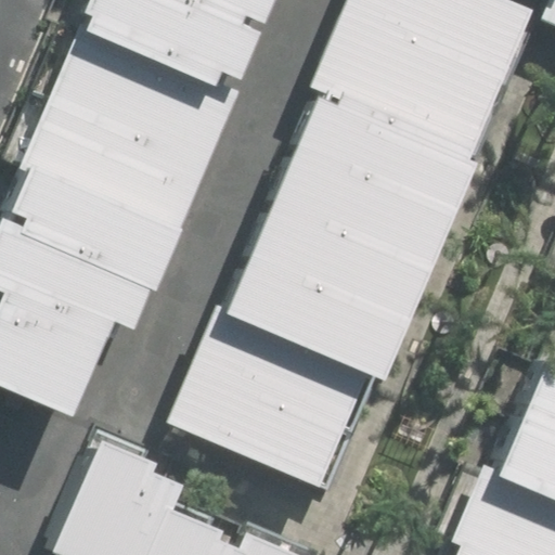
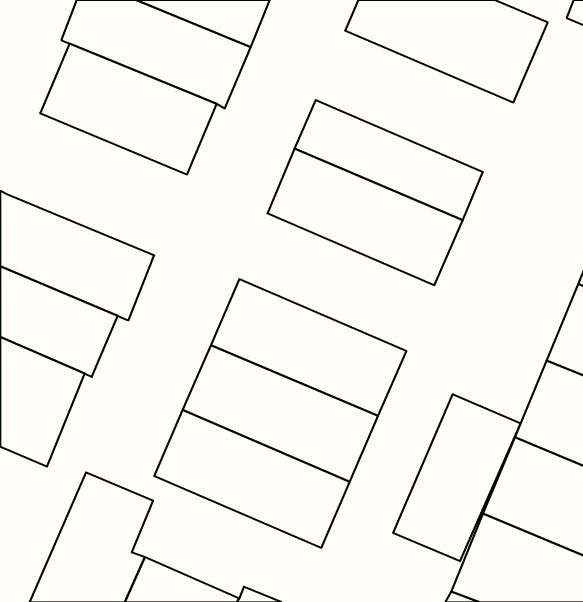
building: [308,28,490,158] -> none
building: [24,104,190,235] -> none
building: [237,196,417,323] -> none
building: none -> [393,394,520,561]

